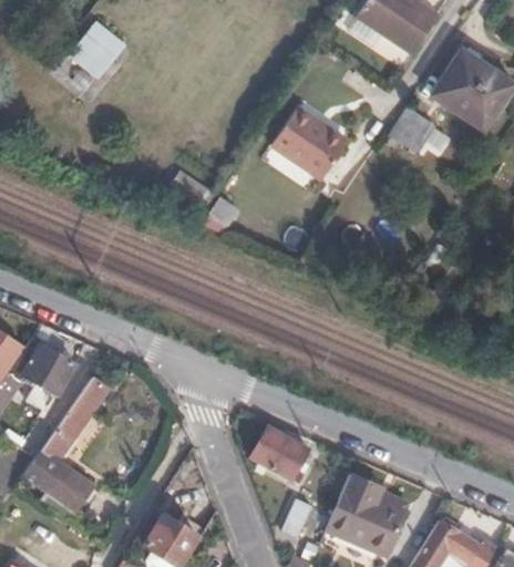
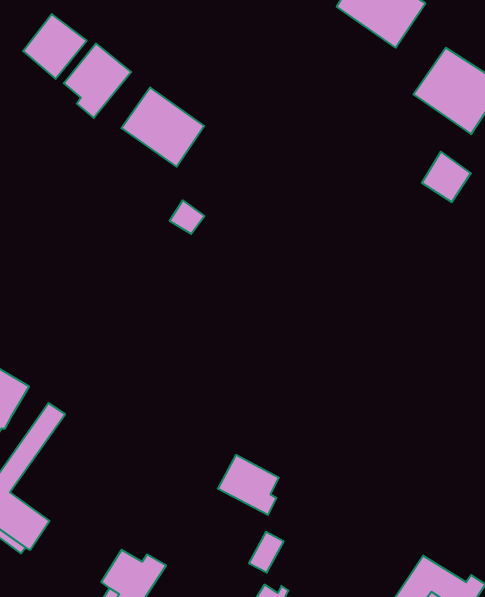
building: none -> [64,44,131,118]
building: [271,104,348,177] -> [121,87,204,167]
building: [389,107,434,154] -> [422,152,471,202]
building: [327,474,404,551] -> none

